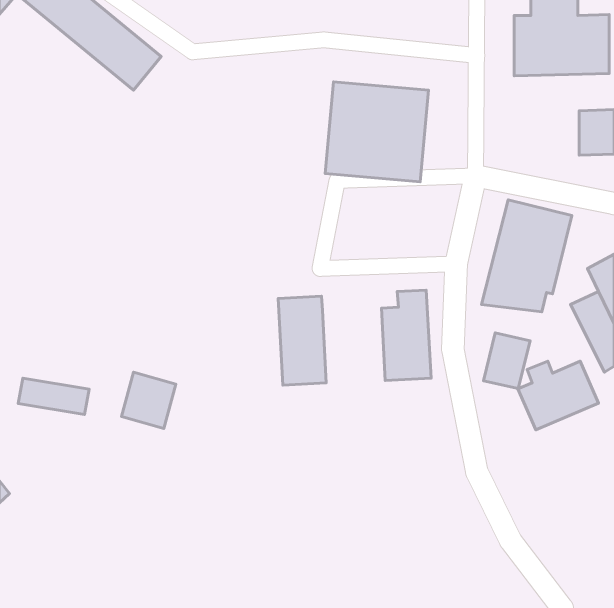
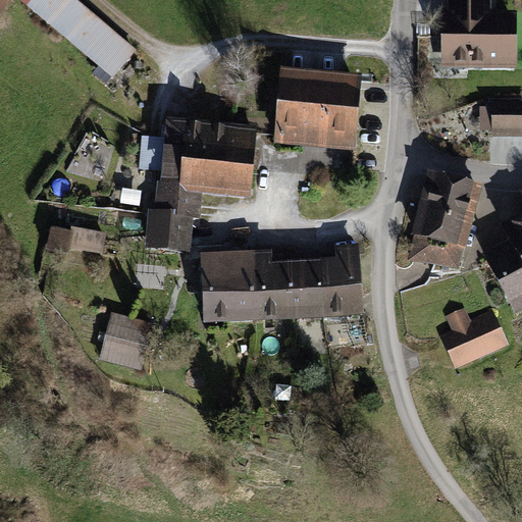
building: none -> [139,111,249,261]
building: none -> [201,253,240,328]
building: none -> [273,261,326,324]
building: [483,333,530,389] -> none
building: [18,378,89,414] -> [48,221,108,252]

